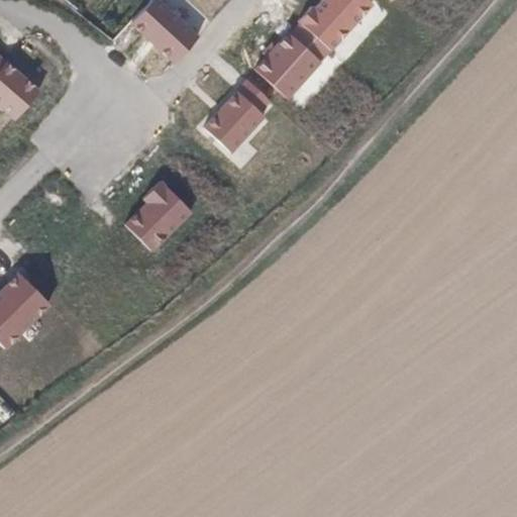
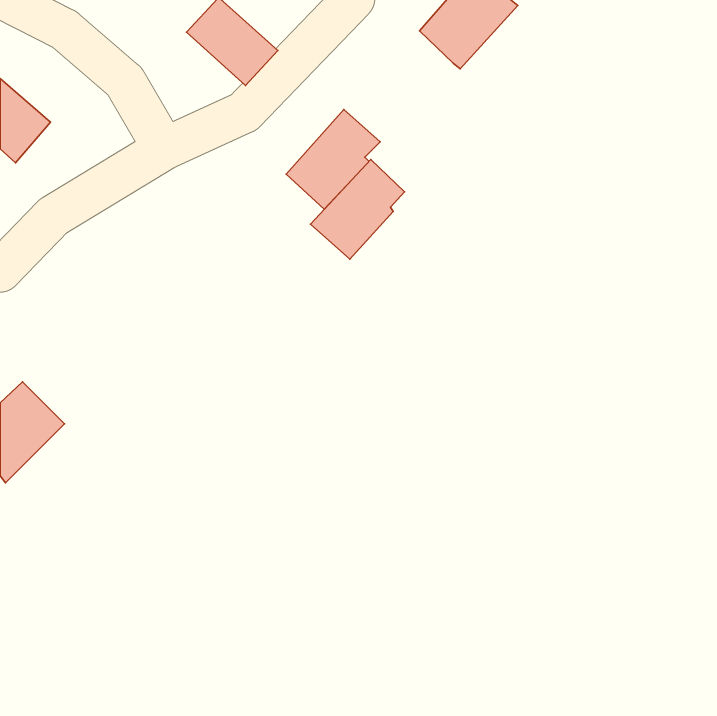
building: [258,22,326,94] -> [310,160,404,259]
building: [126,180,192,249] -> none

